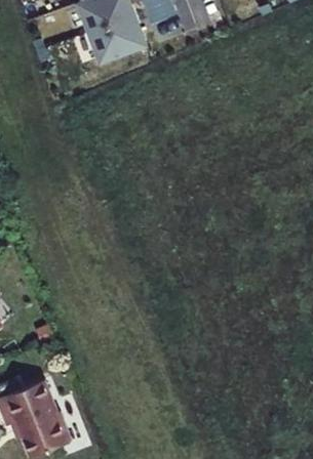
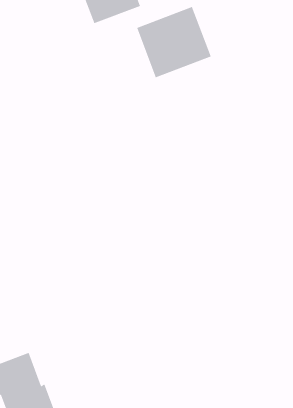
building: none -> [136,6,211,78]

